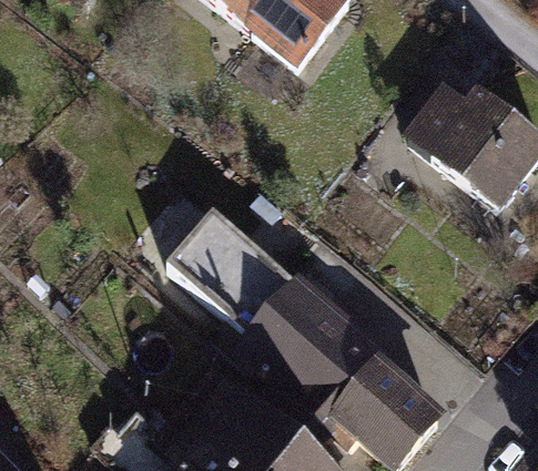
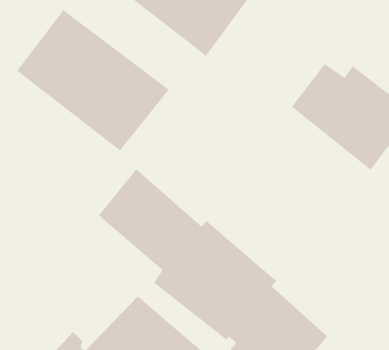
building: none -> [16,9,170,152]

